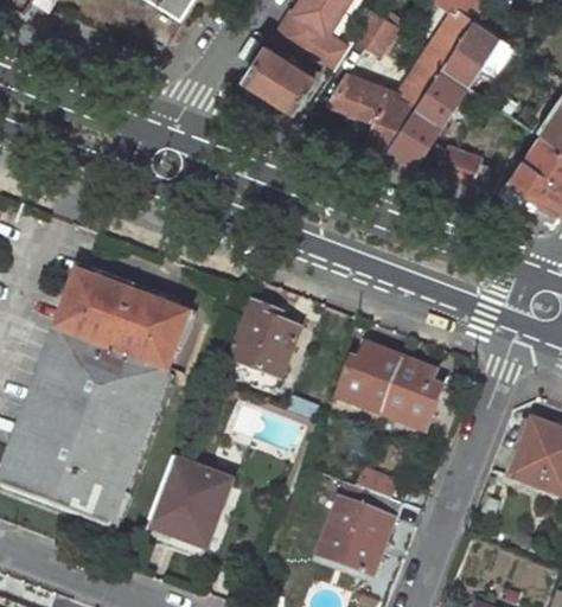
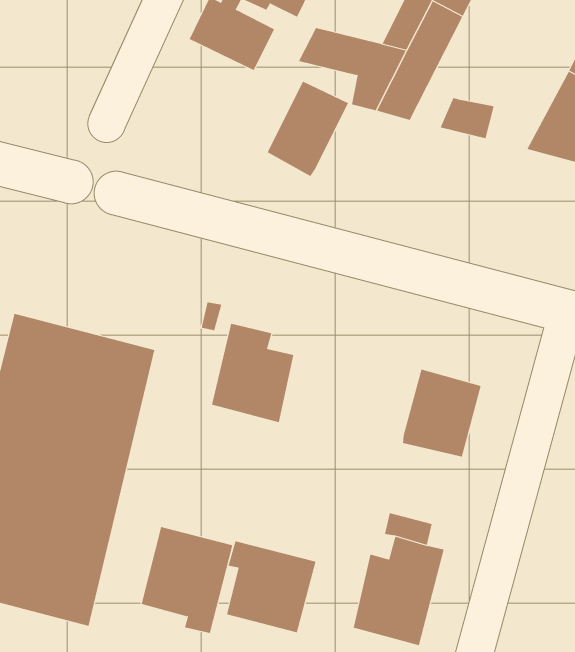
building: none -> [267,81,349,177]
building: [340,340,398,405] -> none
building: none -> [227,540,316,633]

